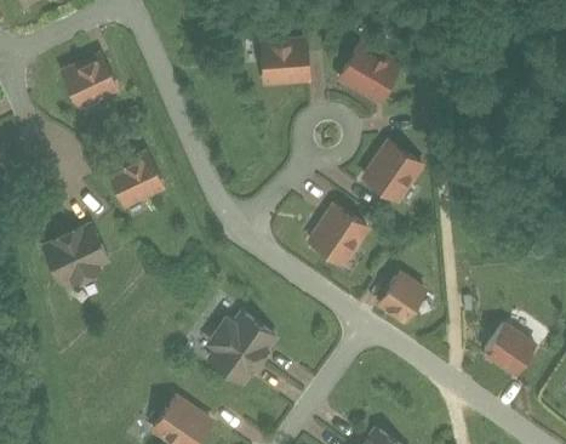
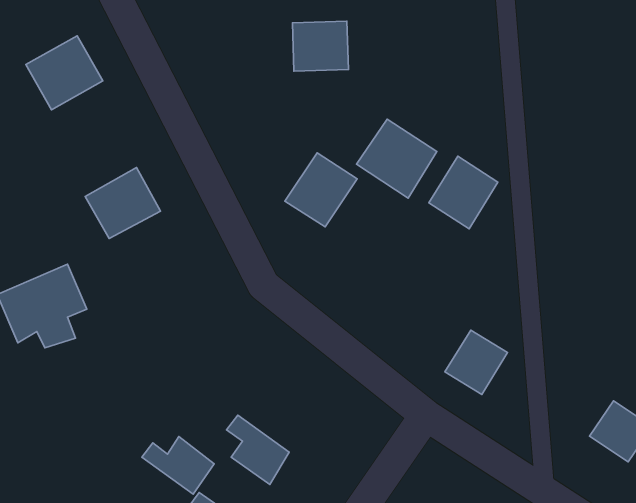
building: [339,41,400,101] -> [357,119,437,198]
building: [310,207,365,263] -> [285,153,357,227]
building: [222,321,276,365] -> [142,436,214,494]

